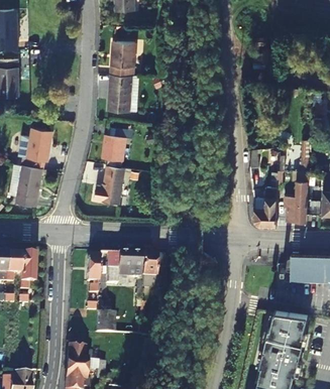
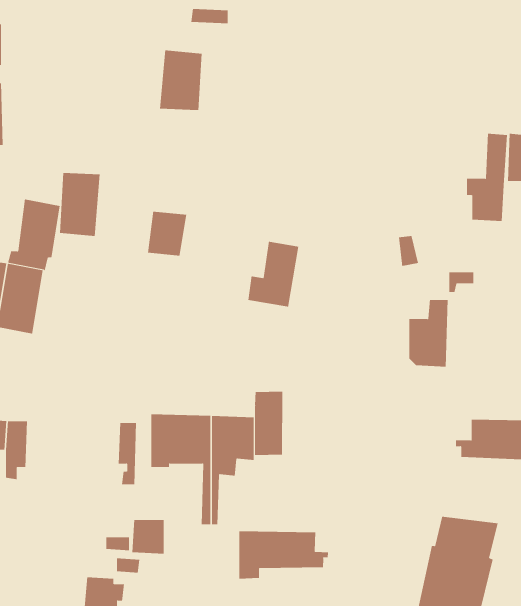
building: [108,76,132,113] -> [59,172,101,236]
building: [95,166,125,205] -> [247,241,299,307]
building: [286,170,310,222] -> [466,133,508,222]
building: none -> [255,391,283,456]
building: none -> [239,530,328,579]

